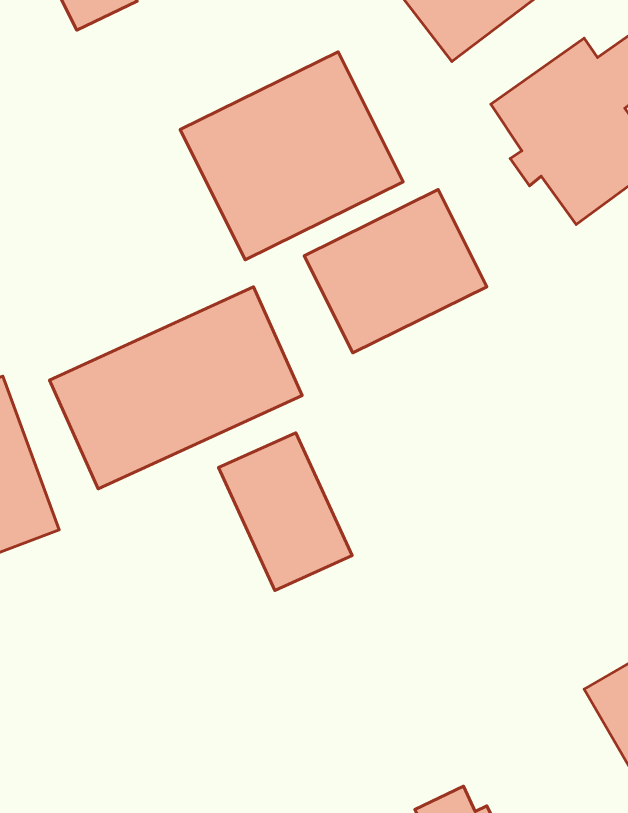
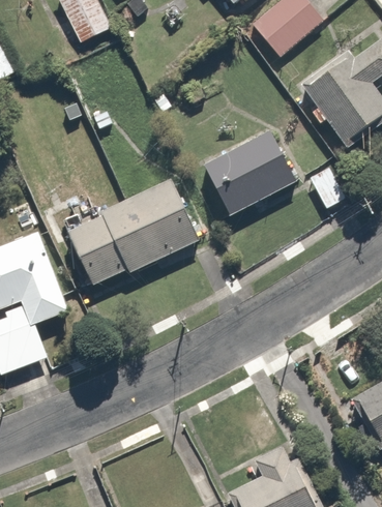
building: [180,52,403,260] -> none
building: [219,433,352,590] -> none

